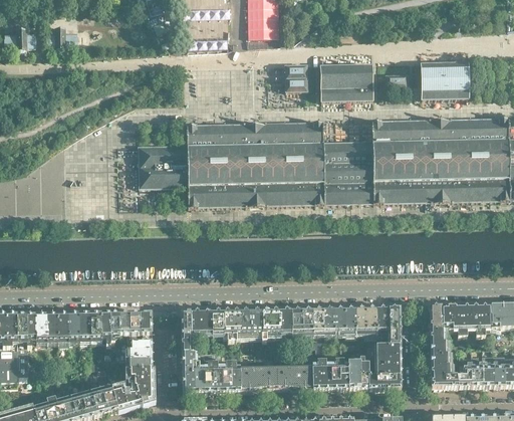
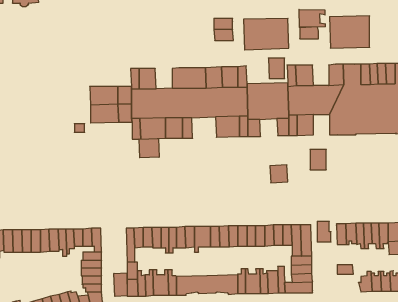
building: none -> [299,9,325,27]
building: [402,119,421,143] -> [268,58,285,79]
building: [216,123,236,147] -> none
building: [403,177,422,201] -> [310,149,326,170]
building: [259,180,288,205] -> none
building: [339,182,360,203] -> [270,165,288,183]
building: none -> [139,139,159,158]
building: [431,331,447,355] -> [317,221,331,242]
building: none -> [114,273,127,296]
building: [431,365,459,387] -> none

